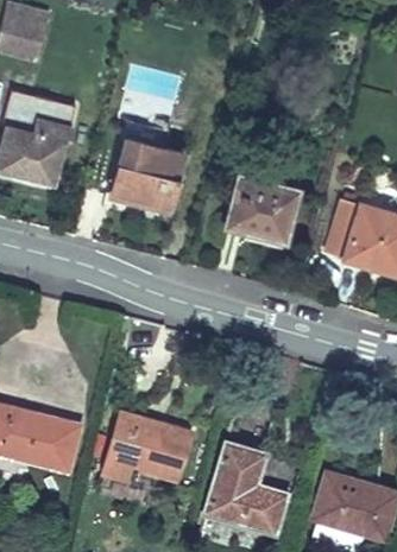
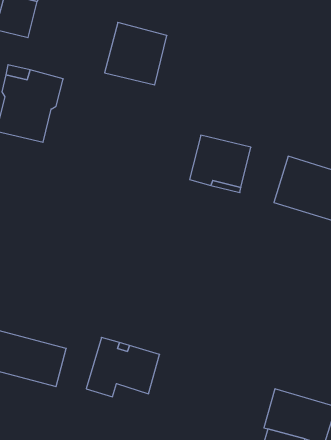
building: [111,139,184,212] -> [105,22,167,85]
building: [207,443,281,529] -> none

